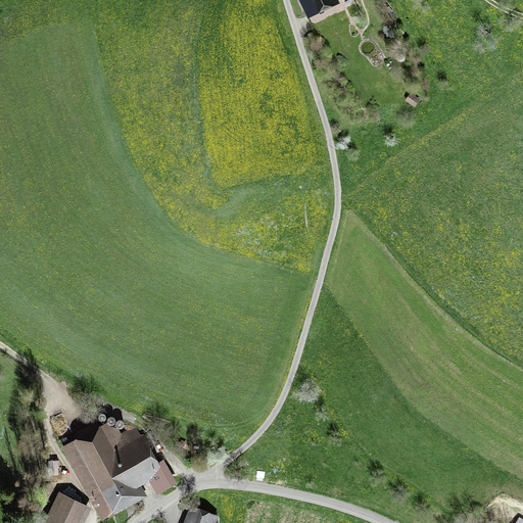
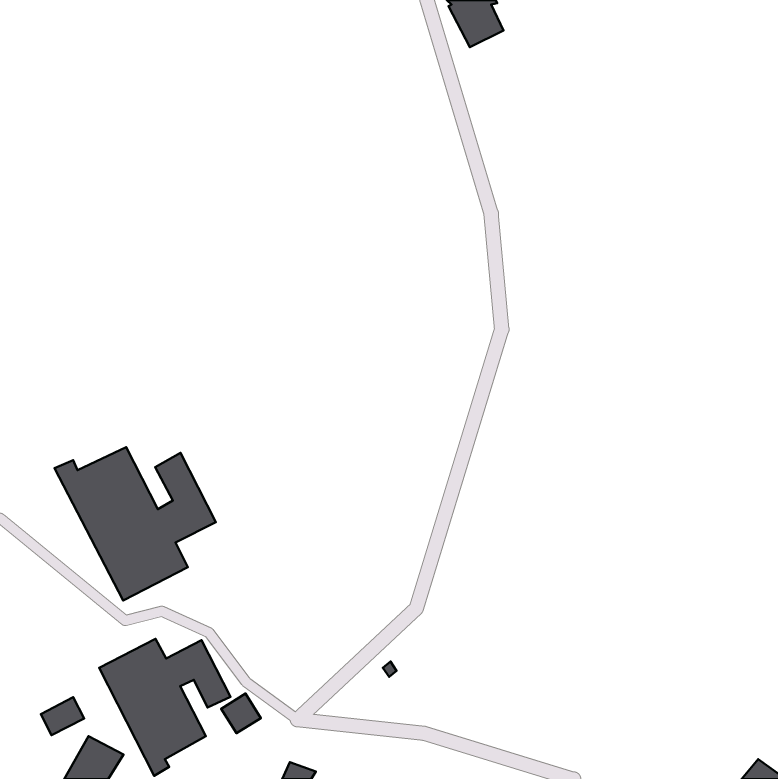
building: none -> [54,447,216,600]
building: none -> [41,697,84,735]

